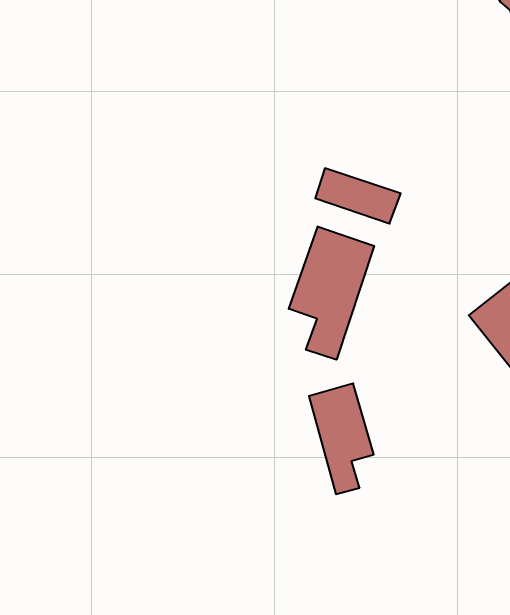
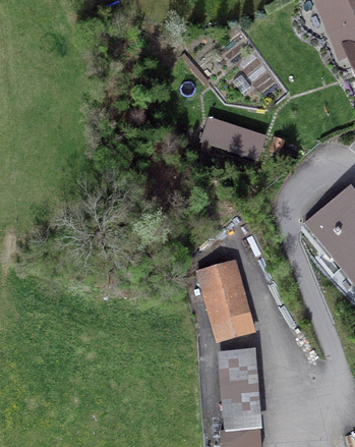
building: [289,226,374,360] -> none
building: none -> [224,354,257,410]

